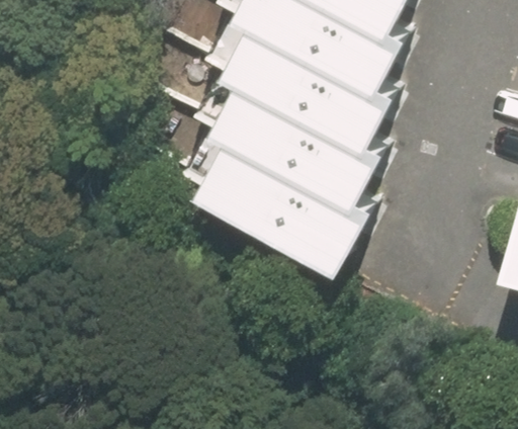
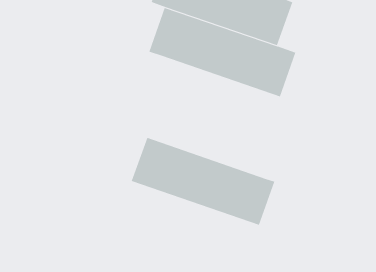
building: [203,130,375,254] -> [131,137,275,225]

